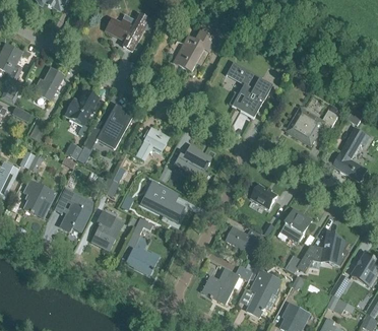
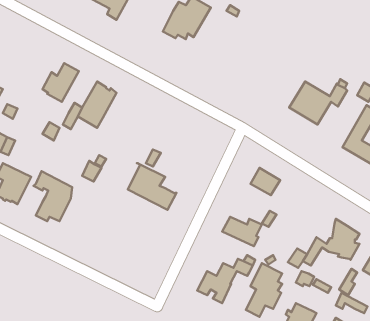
building: [226,61,271,119] -> none
building: [33,68,63,101] -> none
building: [135,127,168,160] -> none
building: [175,144,210,179] -> none
building: [90,210,124,251] -> none
building: [277,210,311,241] -> none
building: [125,218,159,275] -> none

